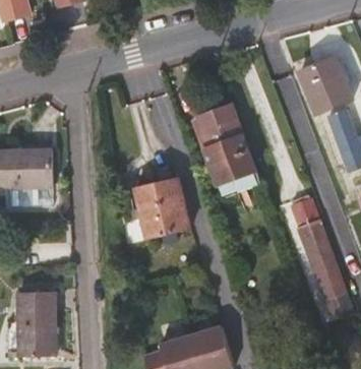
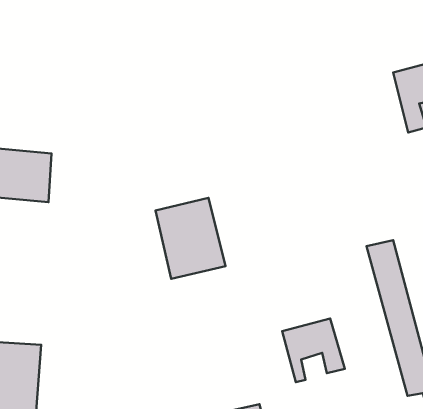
building: [196,104,256,184] -> none
building: none -> [282,319,345,382]

